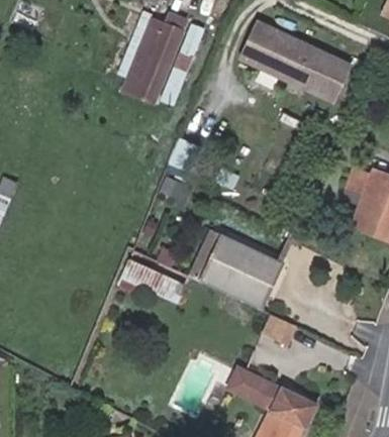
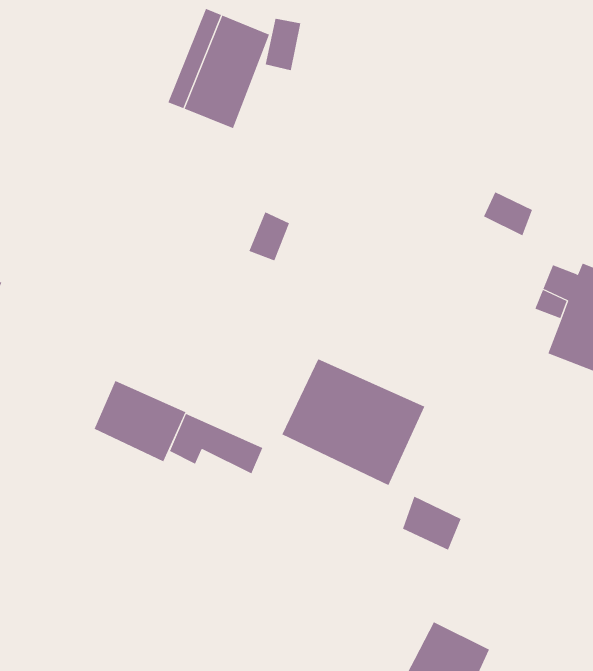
building: [242,22,351,100] -> none
building: none -> [94,380,186,462]
building: [227,366,282,412] -> none

